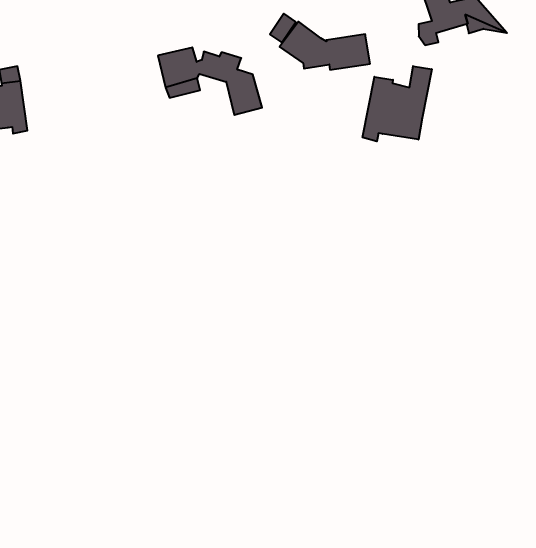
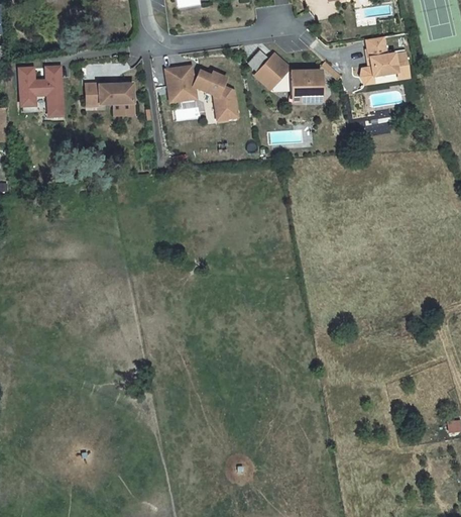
building: [363,66,432,141] -> none
building: none -> [85,83,132,104]

